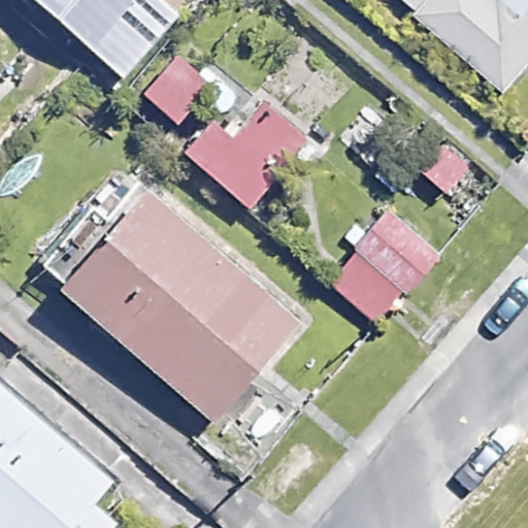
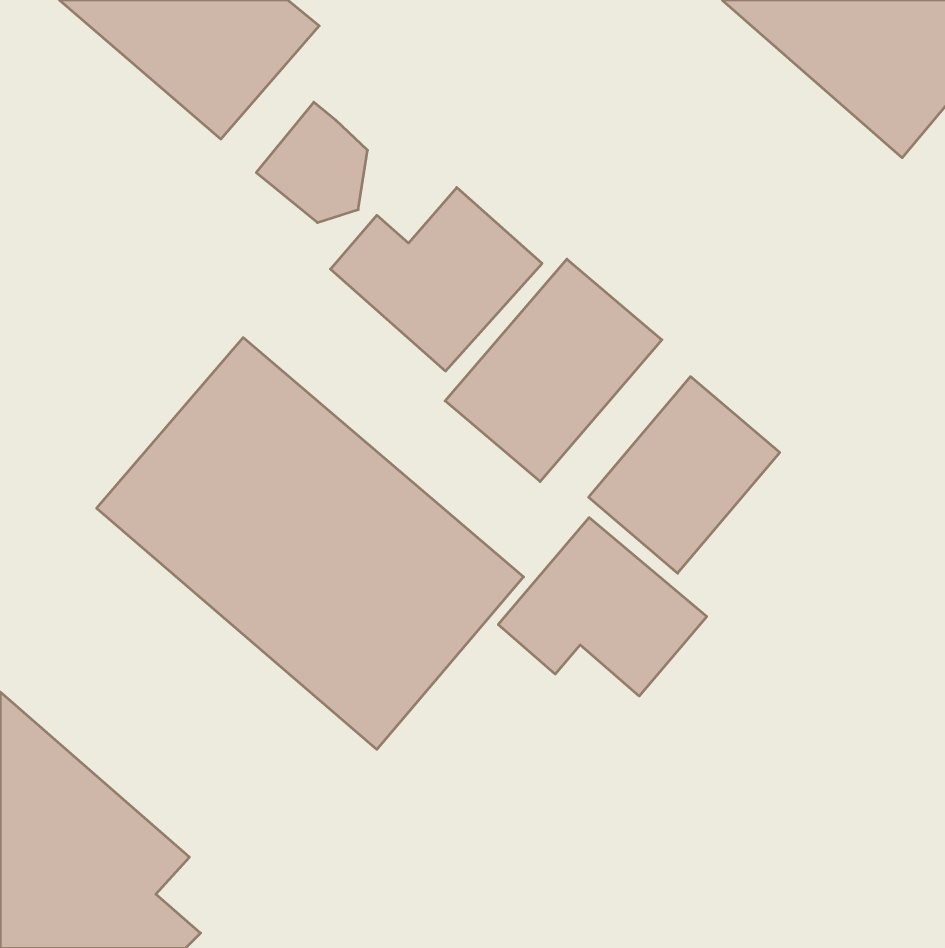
building: none -> [445,259,662,482]
building: none -> [498,518,707,696]

